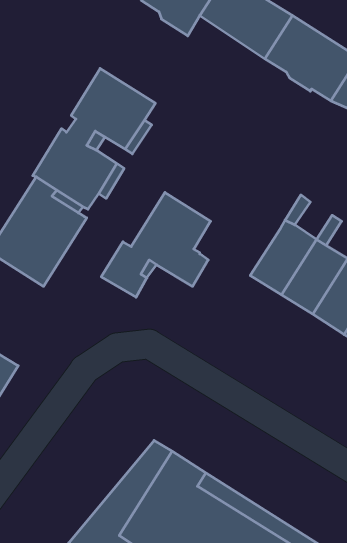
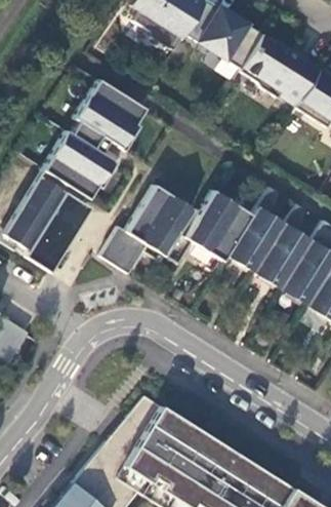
building: none -> [184,190,253,262]

